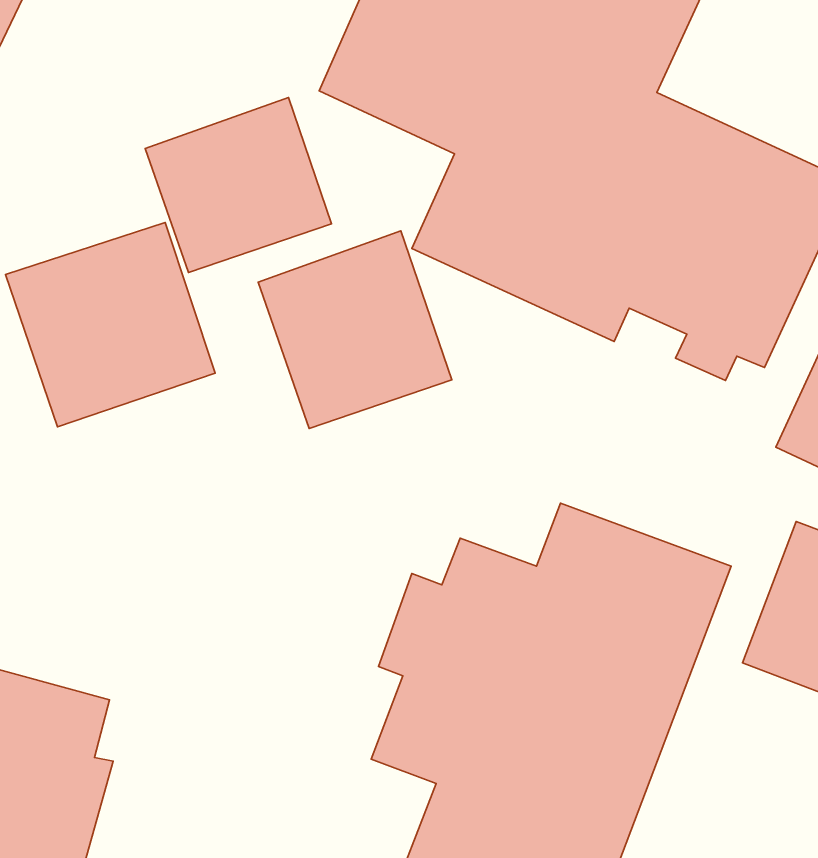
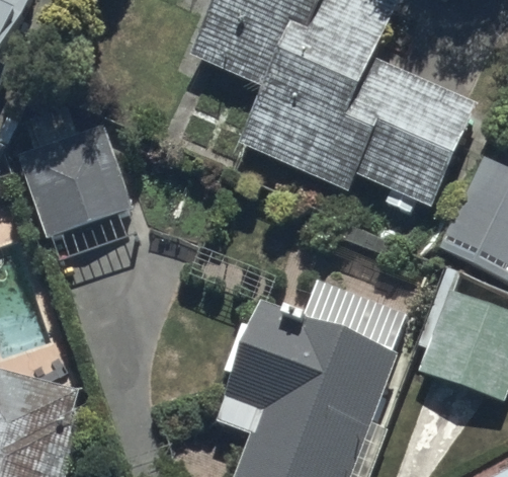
building: [145,97,332,273] -> none
building: [258,231,452,429] -> none

